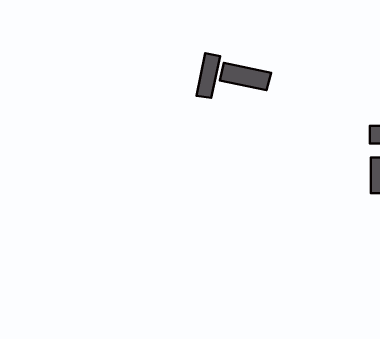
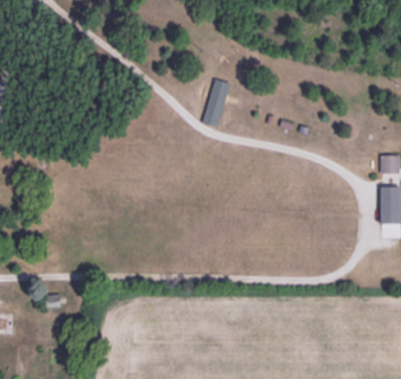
building: [220,63,271,90] -> none

